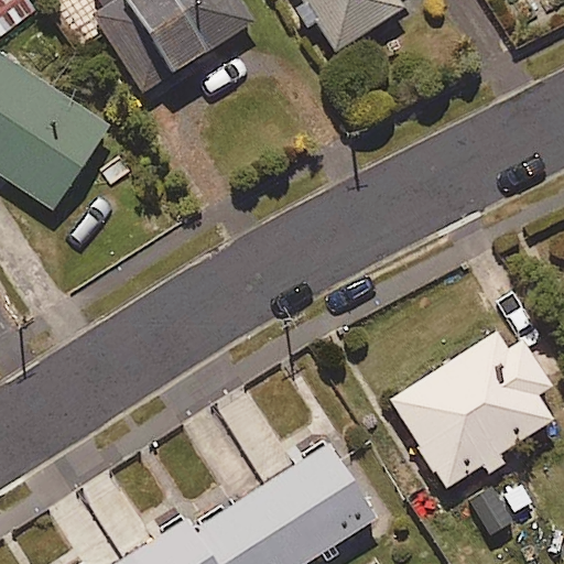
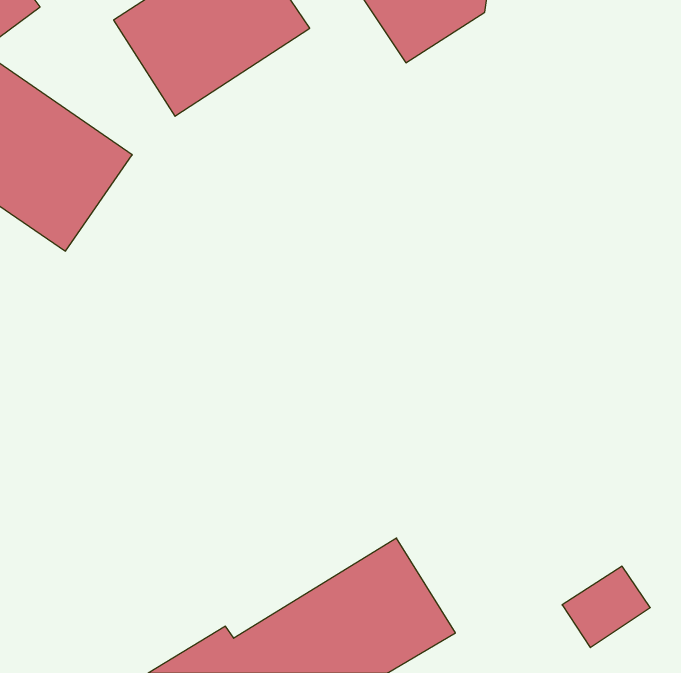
building: [389,322,553,490] -> none

